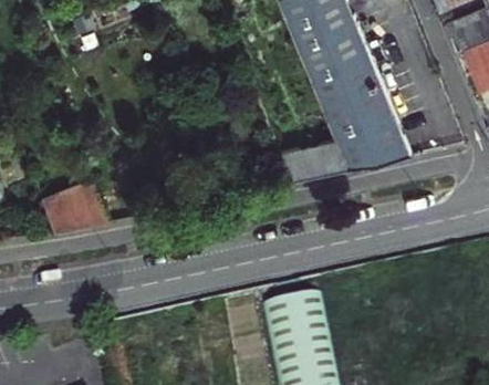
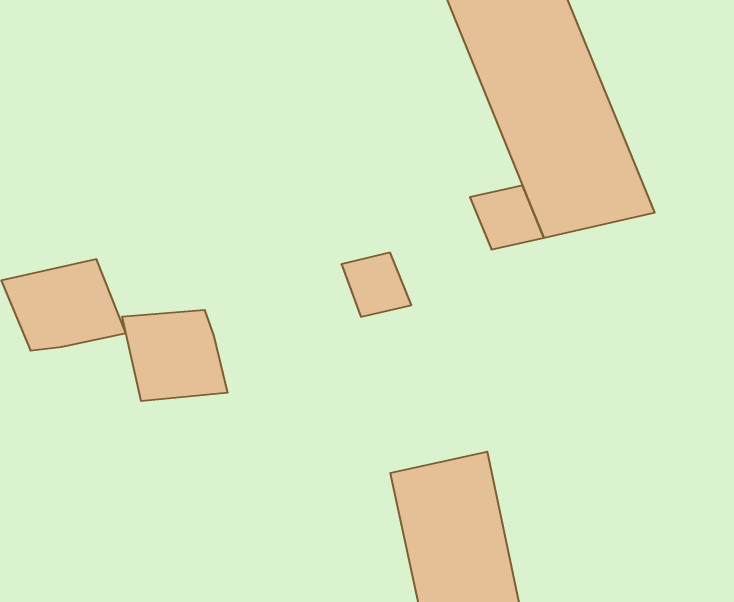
building: [279,149,319,186] -> [341,253,411,317]
building: none -> [122,310,228,401]

